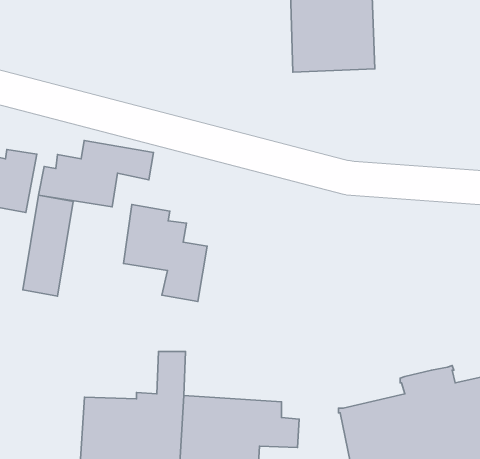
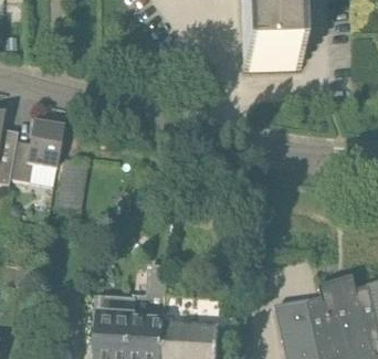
building: [39,141,154,207] -> none
building: [123,205,207,301] -> none

